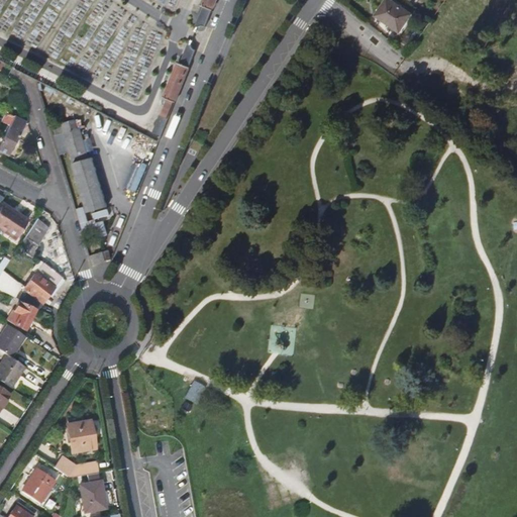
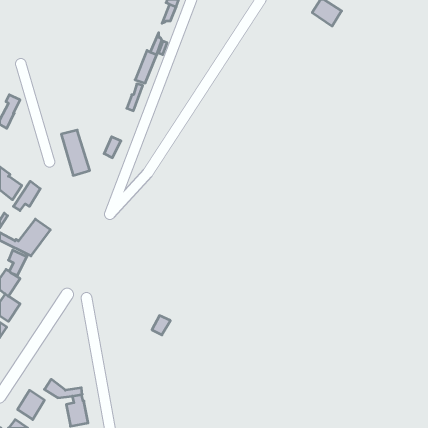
building: [65,127,87,156] -> none
building: [68,424,95,455] -> none

